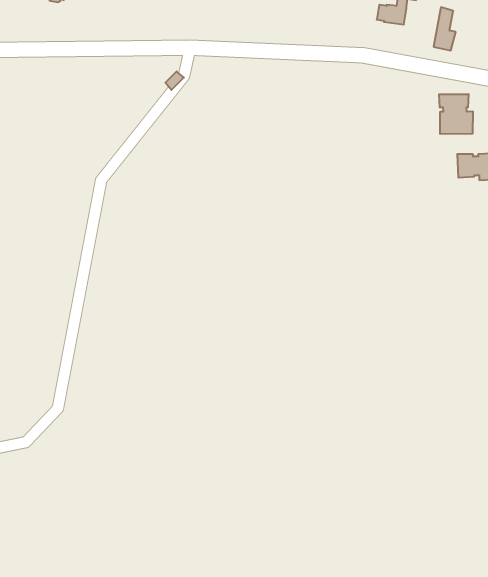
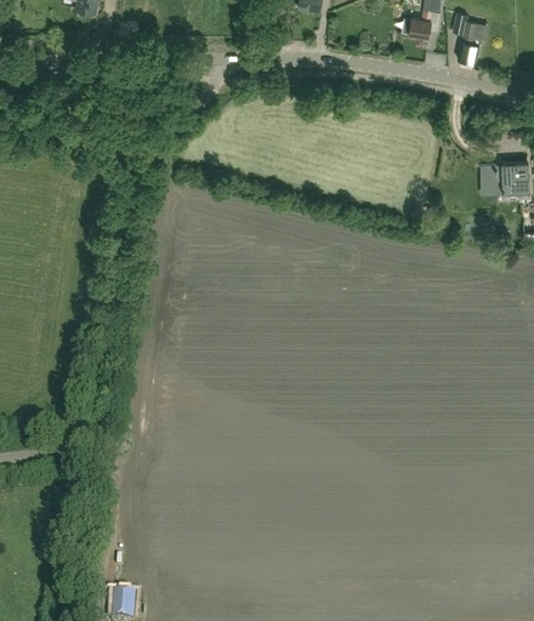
building: [439,94,473,134] -> none

